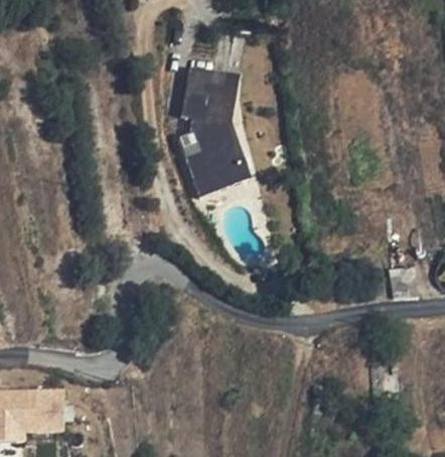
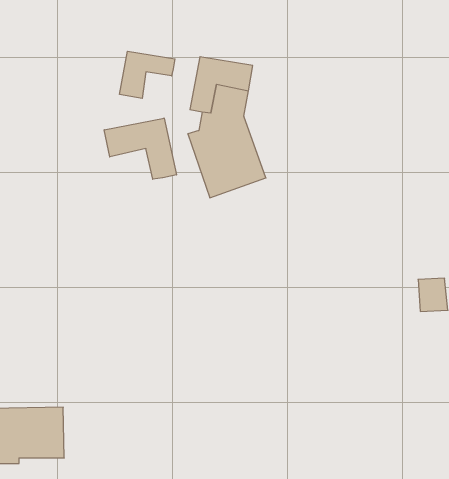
building: none -> [120,51,175,98]
building: none -> [104,118,176,179]

